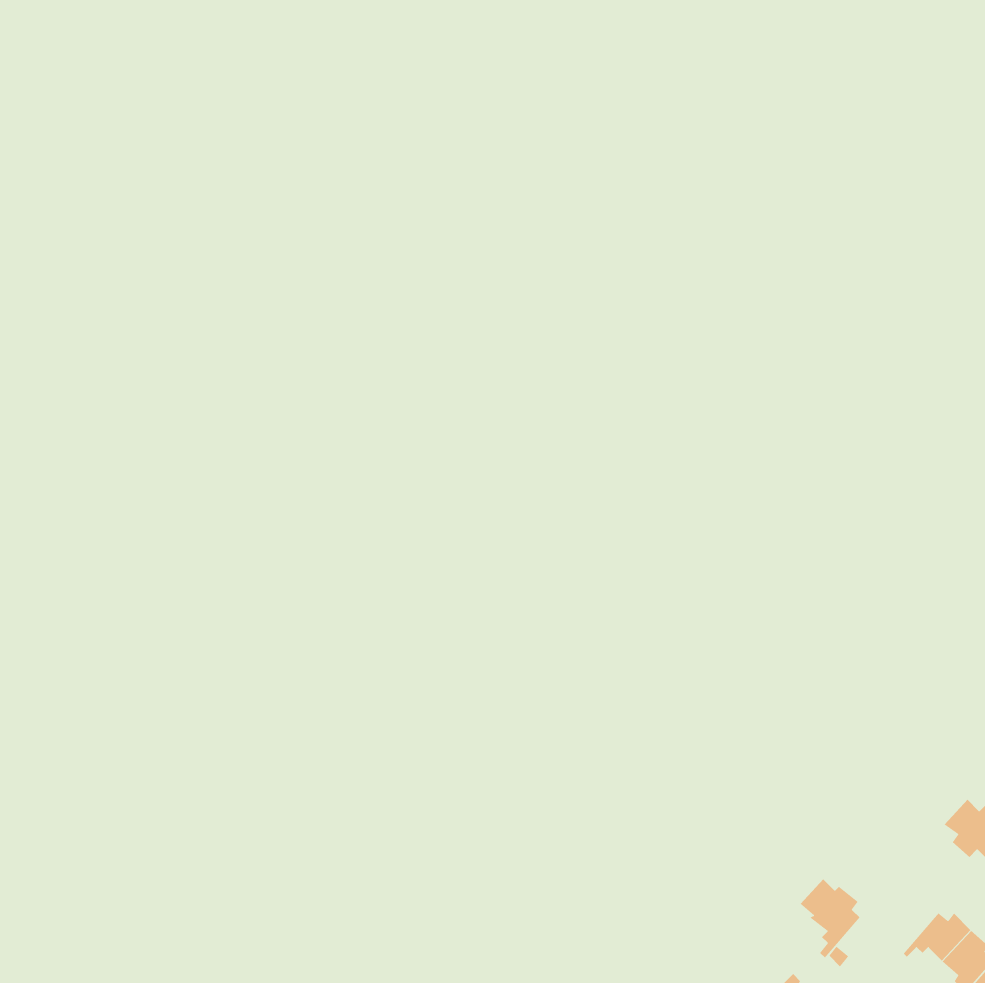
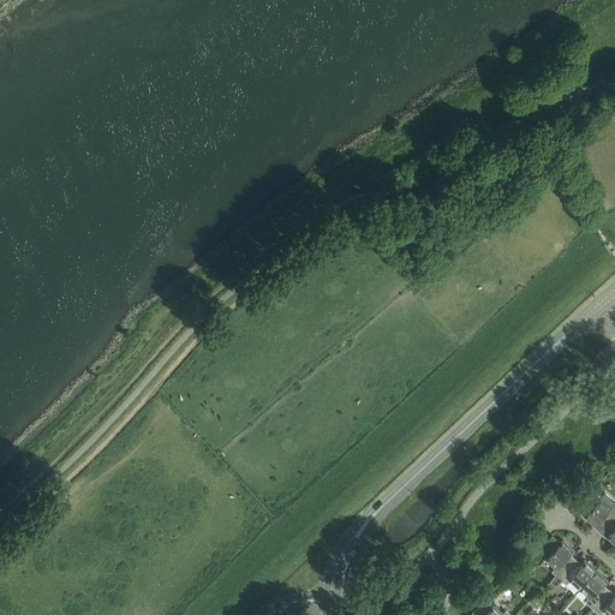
building: [800,878,860,959] -> [548,547,585,596]

